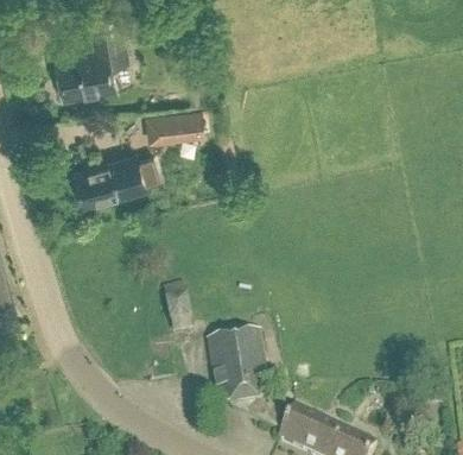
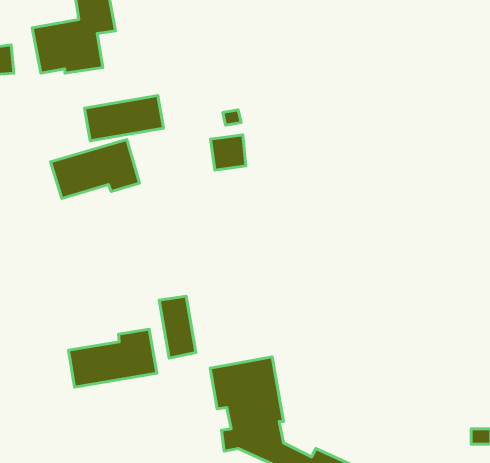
building: [173,110,203,140] -> [210,135,246,170]
building: none -> [69,329,157,387]

